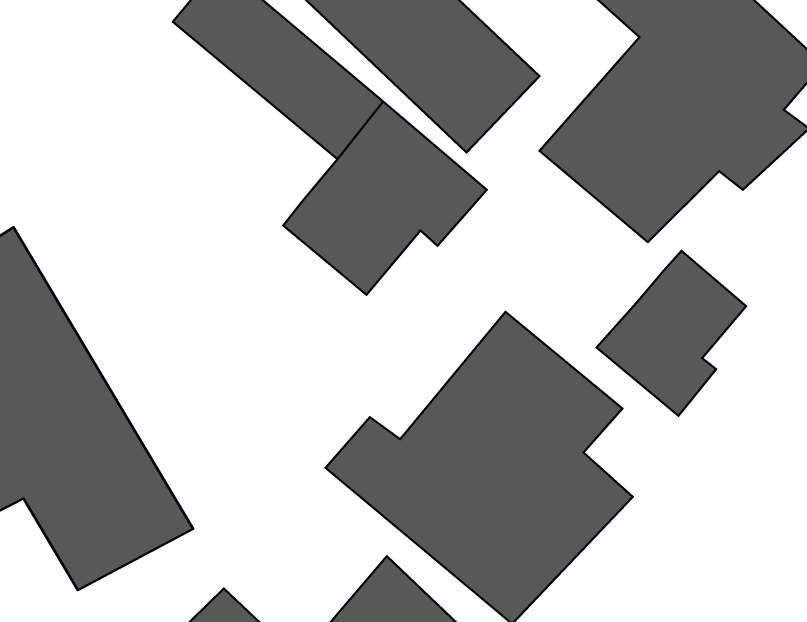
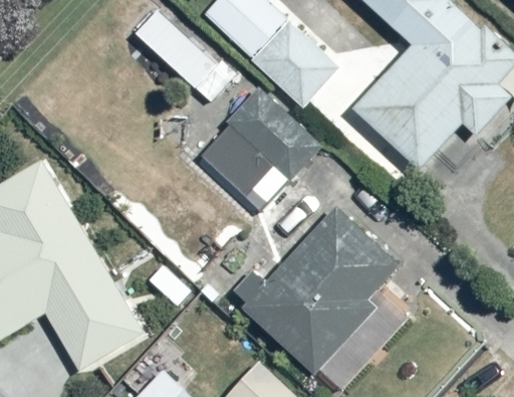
building: [596,251,746,416] -> none

